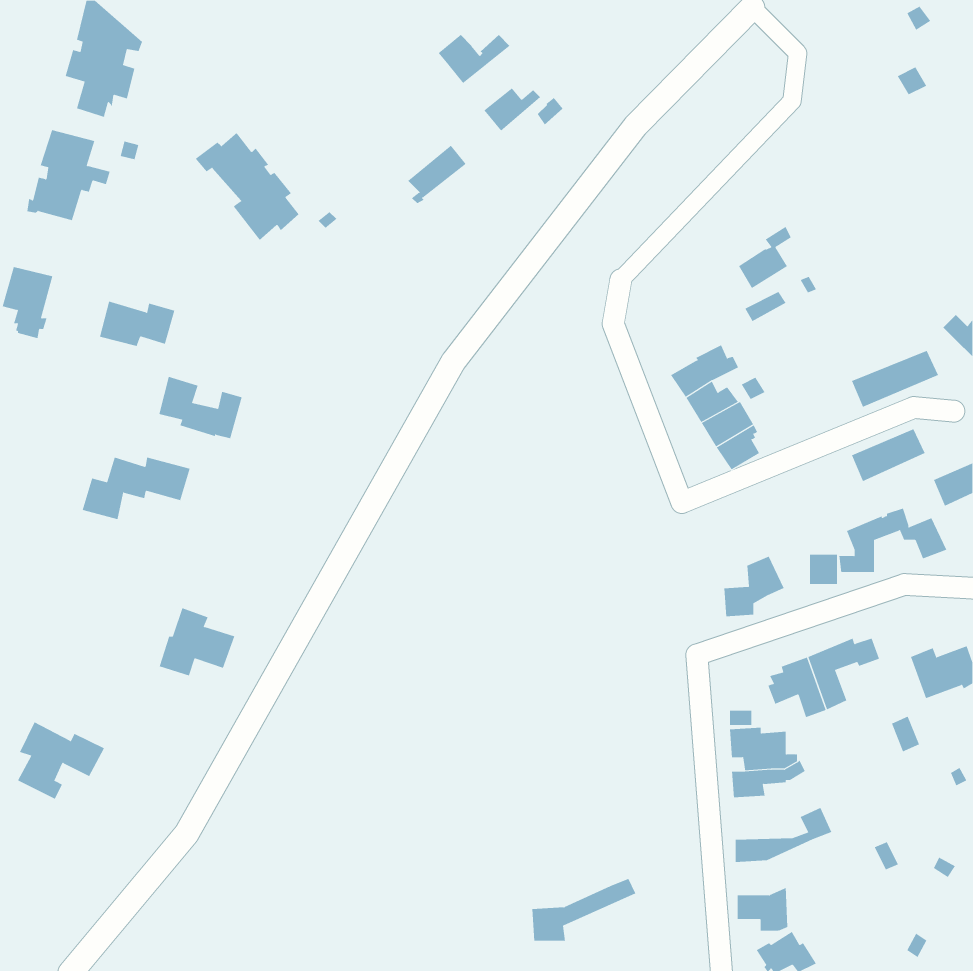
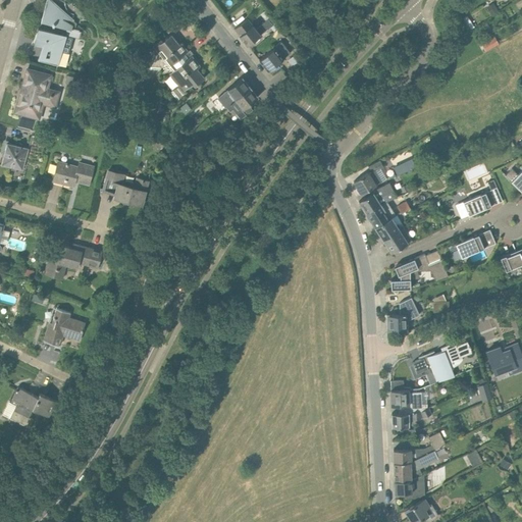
building: [195,132,300,241] -> [149,35,205,93]
building: none -> [226,89,258,121]
building: [738,226,792,289] -> [354,161,382,195]
building: [159,376,242,439] -> [103,171,148,205]
building: [839,508,947,573] -> [390,255,449,290]
building: [159,608,235,676] -> [44,309,85,346]
building: [532,878,636,941] -> [394,447,450,480]

